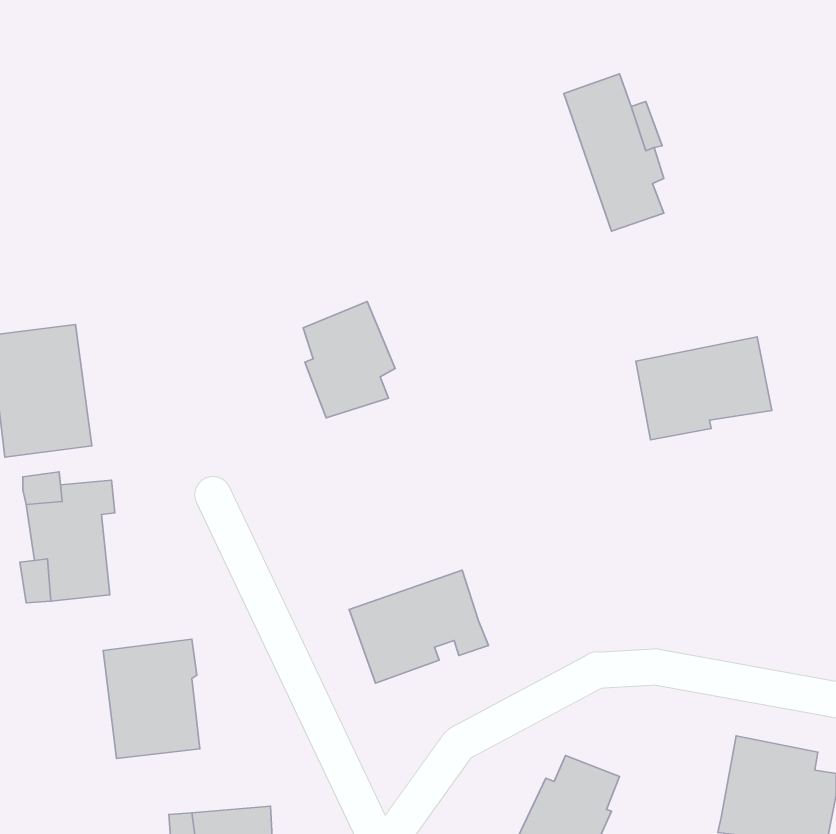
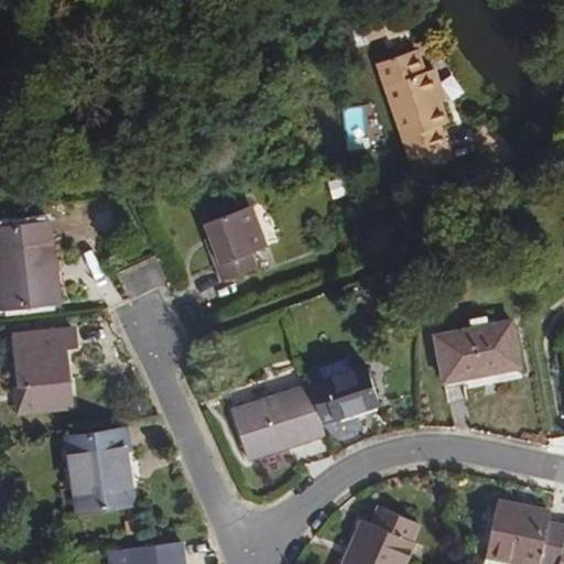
building: [636,337,772,440] -> [426,318,518,388]
building: none -> [303,360,376,420]

